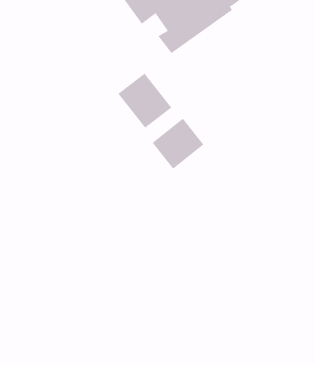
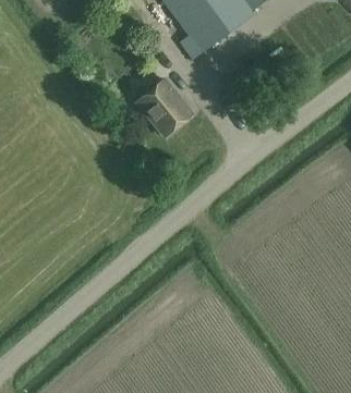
building: [152,118,204,170] -> none

